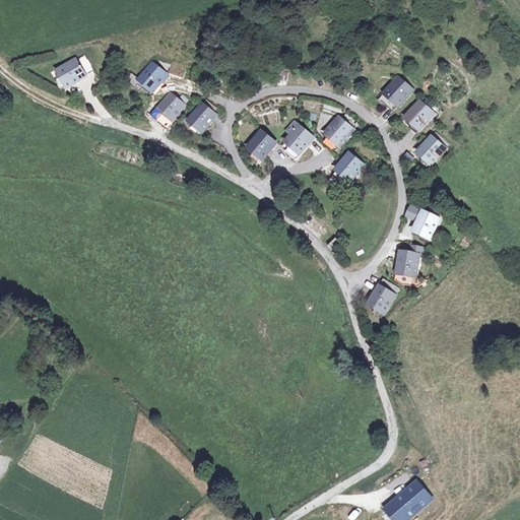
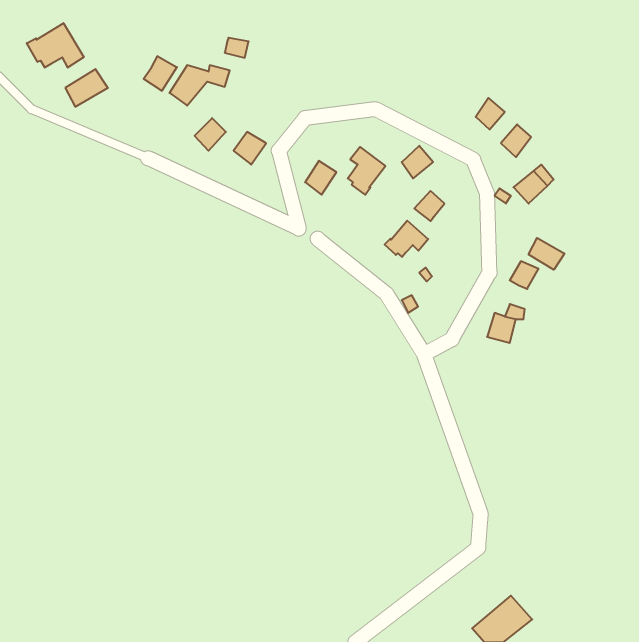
building: none -> [27,23,84,68]
building: none -> [144,56,177,91]
building: none -> [385,221,428,257]
building: none -> [529,238,564,270]
building: [364,279,395,313] -> none

